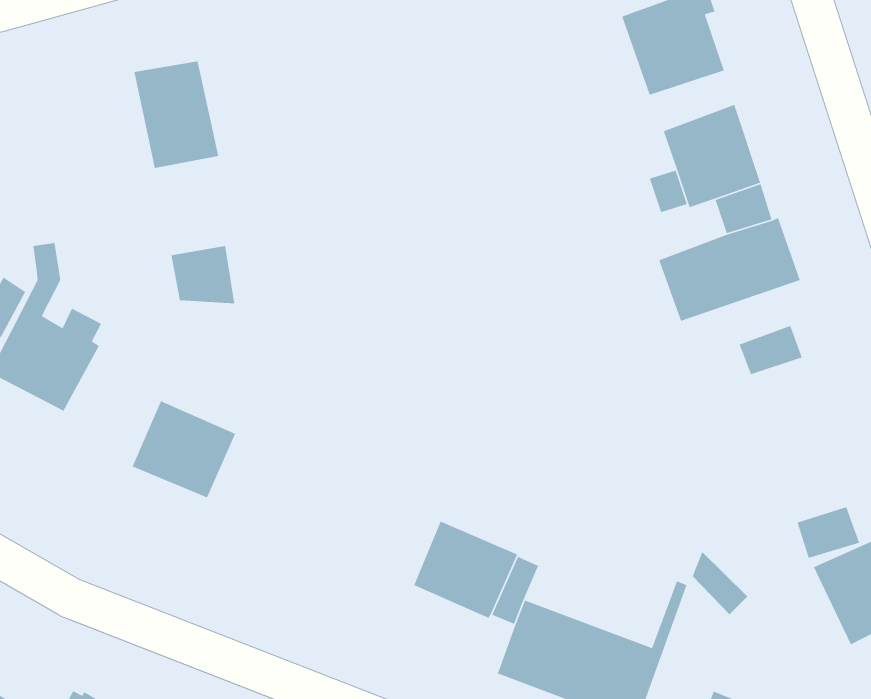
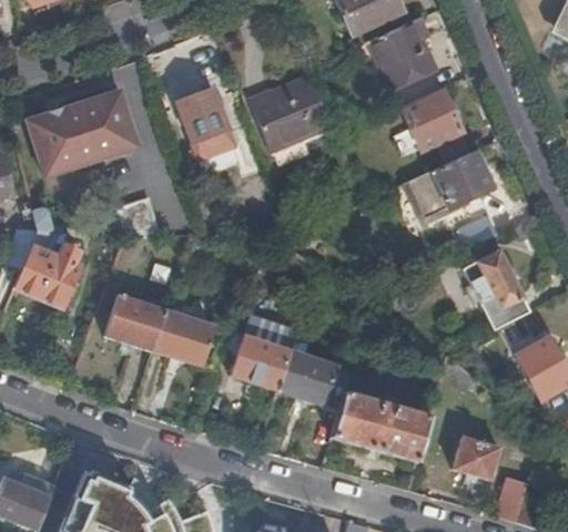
building: none -> [253,78,333,151]
building: none -> [179,89,235,158]
building: none -> [30,102,103,175]
building: none -> [465,252,530,330]
building: none -> [153,310,214,366]
building: none -> [223,321,292,390]

